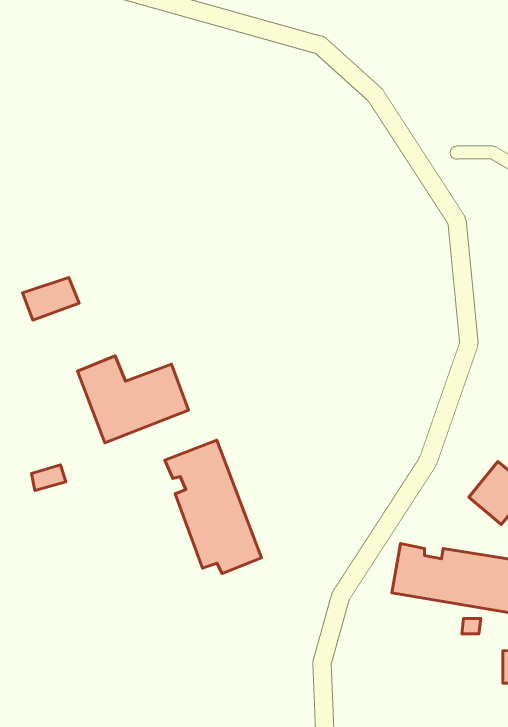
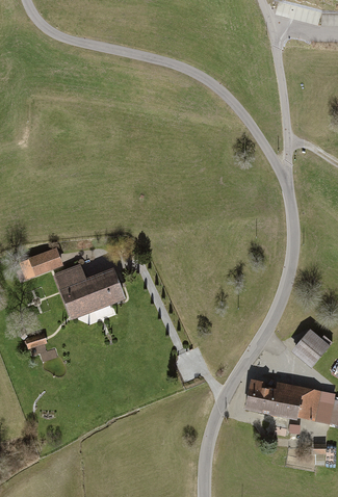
building: [23,278,79,320] -> [27,247,61,273]
building: [165,440,262,573] -> none

